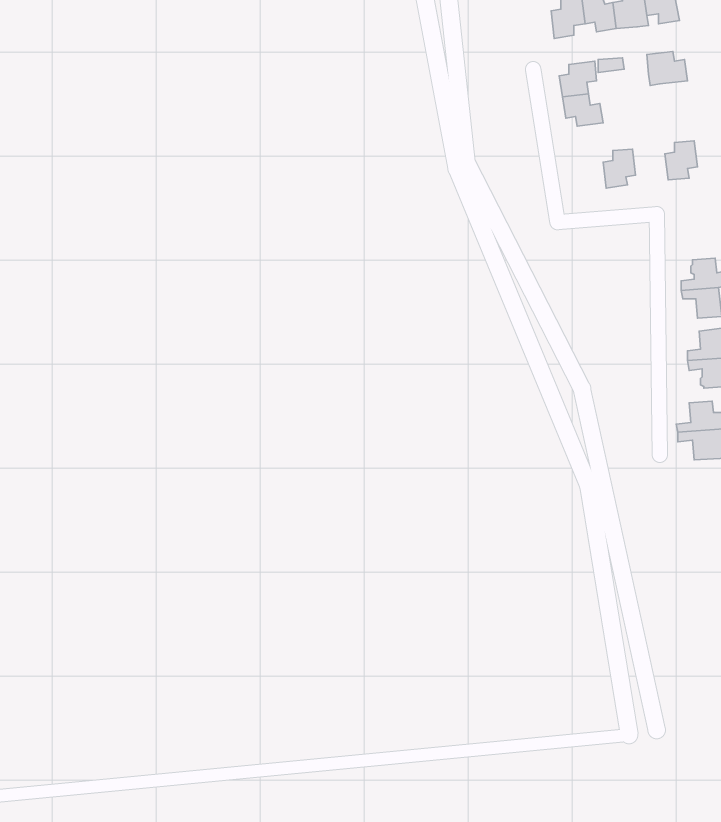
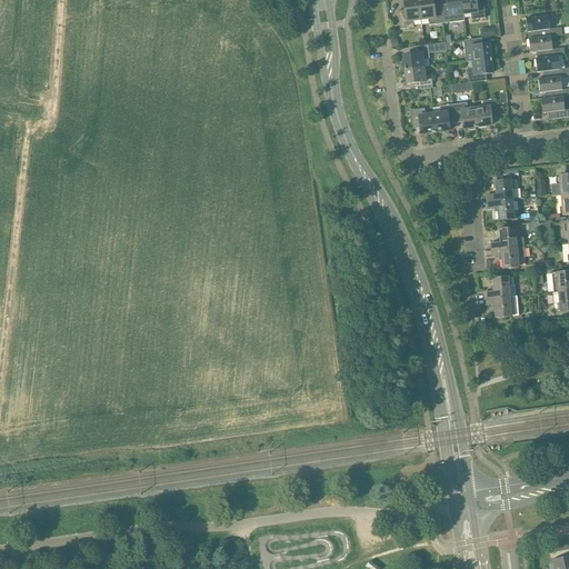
building: none -> [468,57,493,81]
building: none -> [455,101,479,127]
building: none -> [412,107,437,132]

